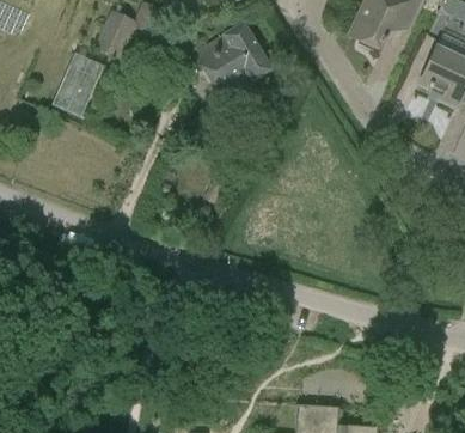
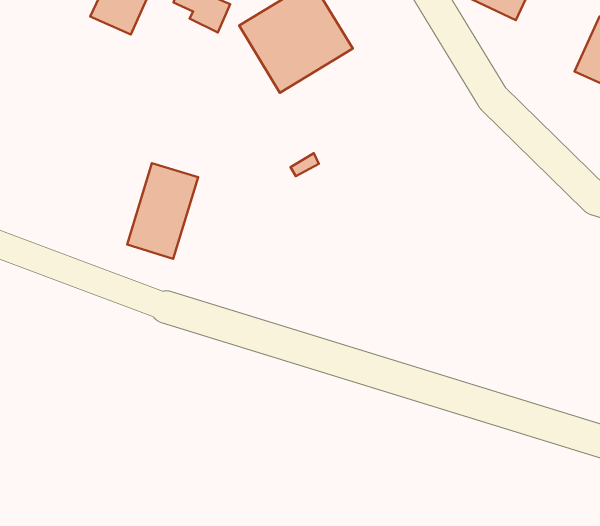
building: [54,50,102,115] -> [127,163,198,259]

